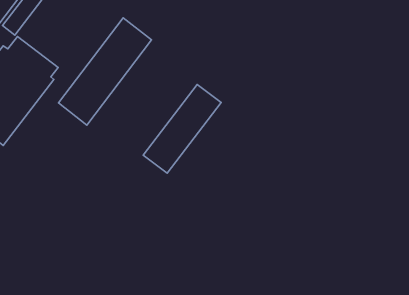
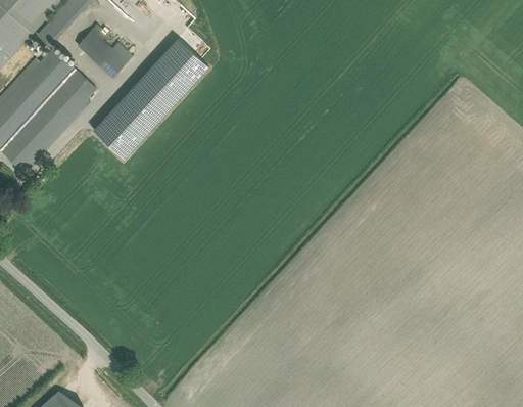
building: none -> [78,25,127,78]
building: [143,85,221,173] -> none

